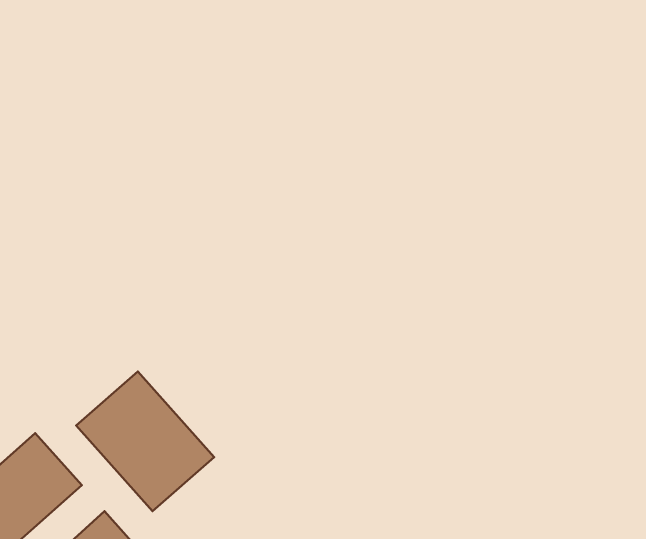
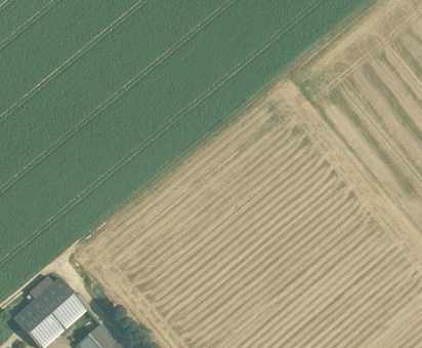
building: [76,371,214,511] -> none

